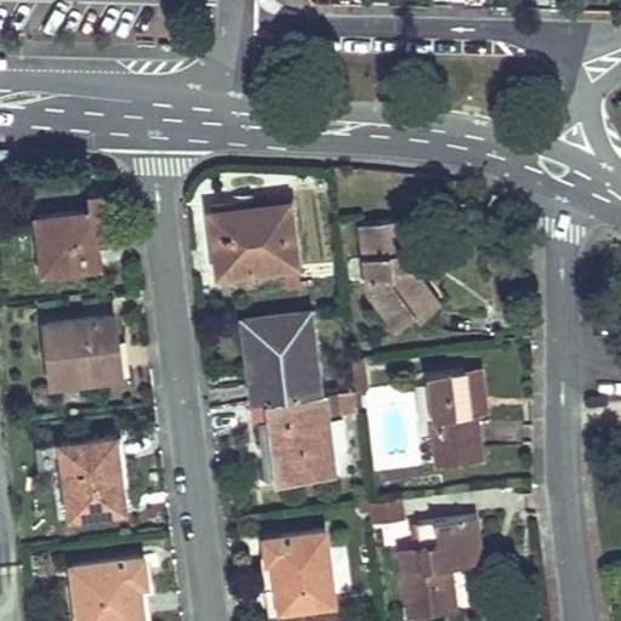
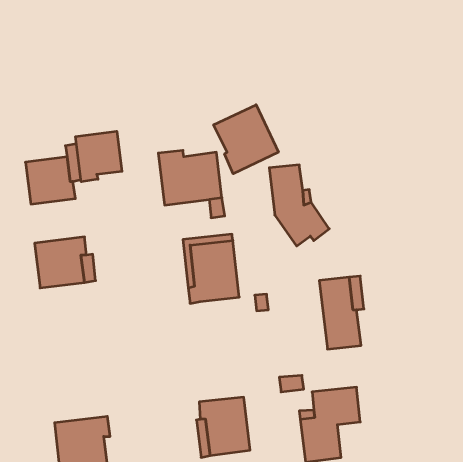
building: none -> [214,105,278,174]
building: none -> [76,131,122,182]
building: [260,400,334,486] -> none
building: [61,440,125,519] -> none

